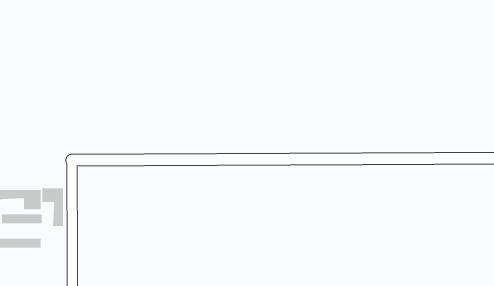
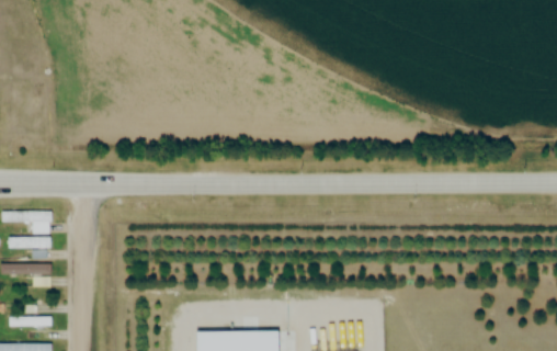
building: [42,187,63,227] -> none

